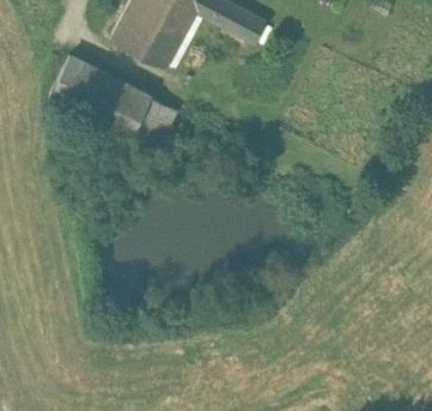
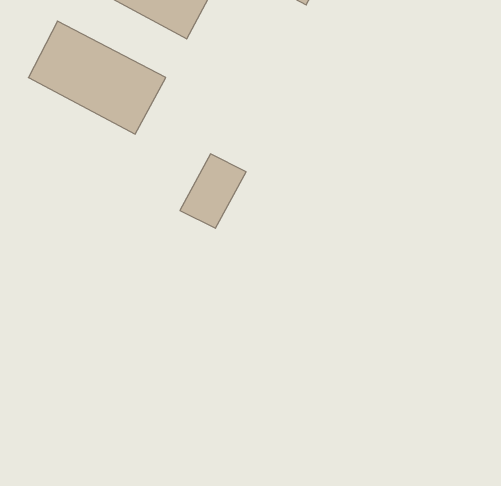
building: [128,97,177,152] -> [180,154,246,228]

